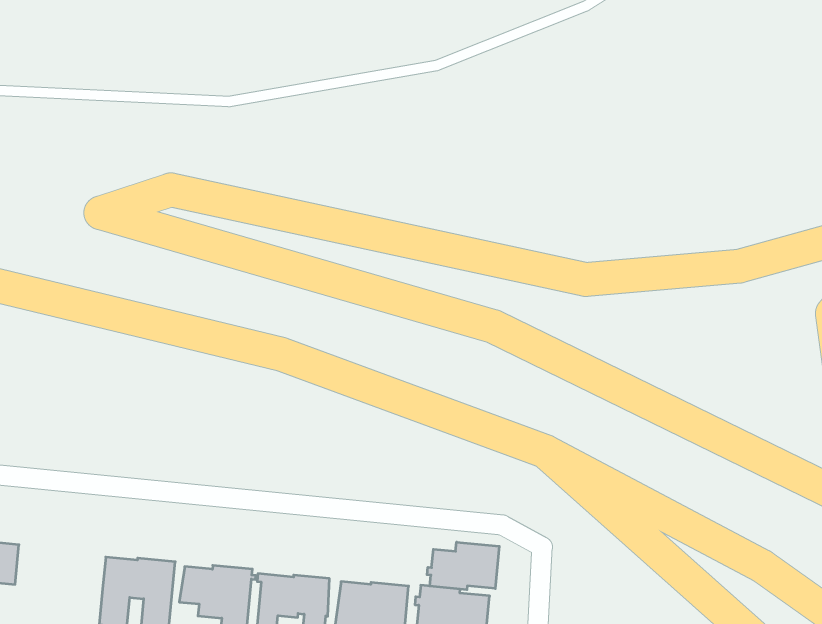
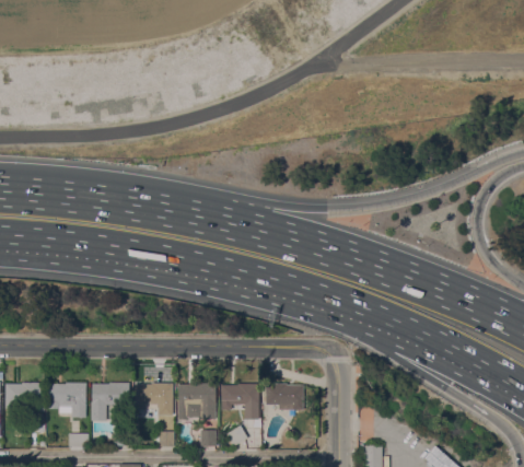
building: [427,542,499,590] -> none
building: none -> [48,382,86,417]

